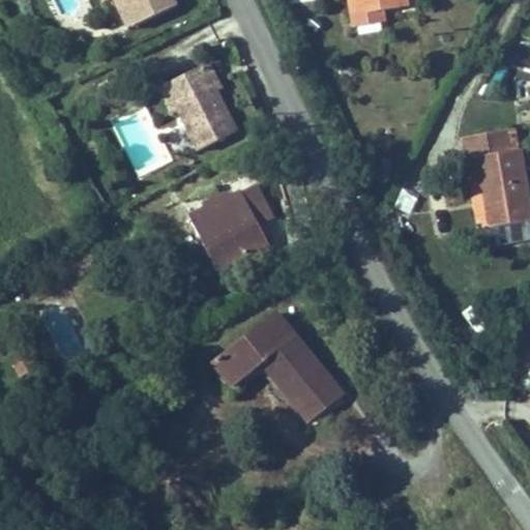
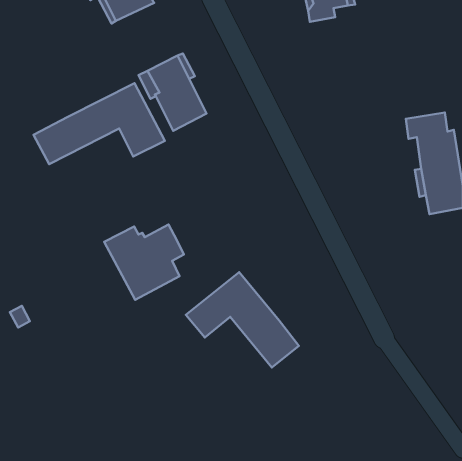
building: none -> [34,83,165,164]
building: [182,182,273,268] -> [104,225,184,300]

